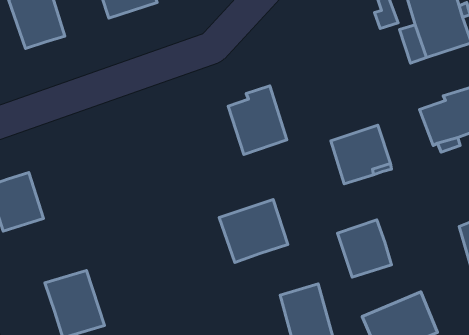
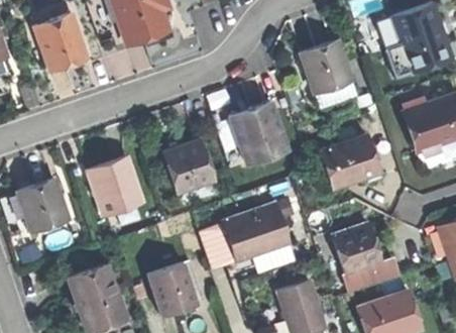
building: none -> [302,39,350,91]
building: none -> [164,140,215,193]
building: none -> [86,155,142,216]
building: none -> [200,219,239,267]
building: none -> [344,254,397,293]
building: none -> [148,262,198,315]

